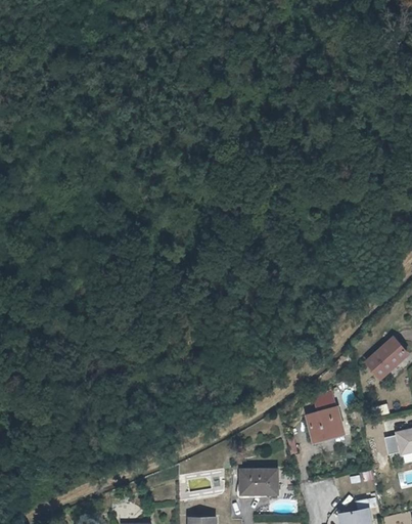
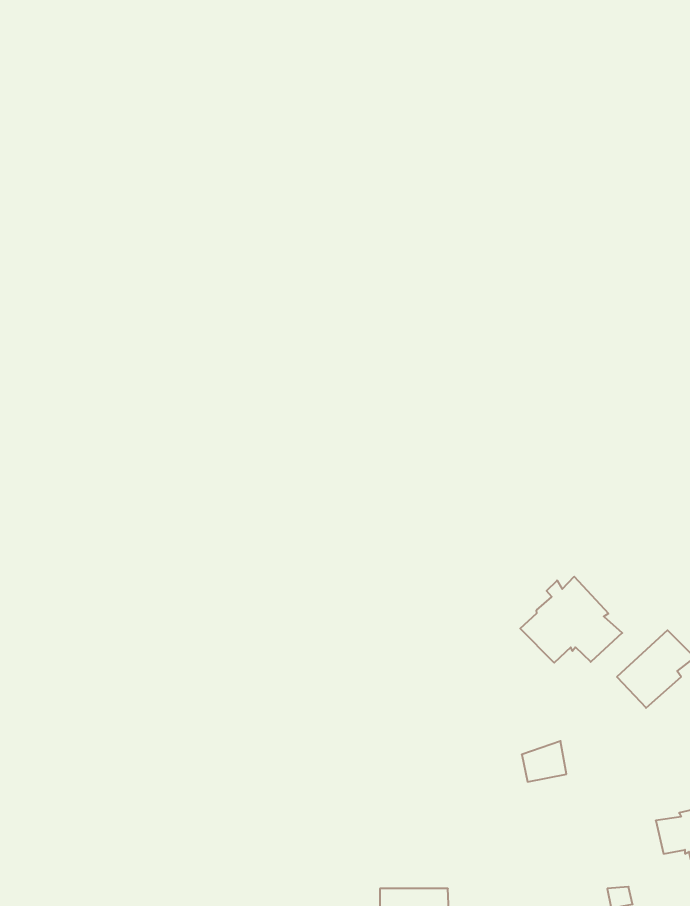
building: none -> [520,577,622,663]
building: [307,410,342,440] -> none

